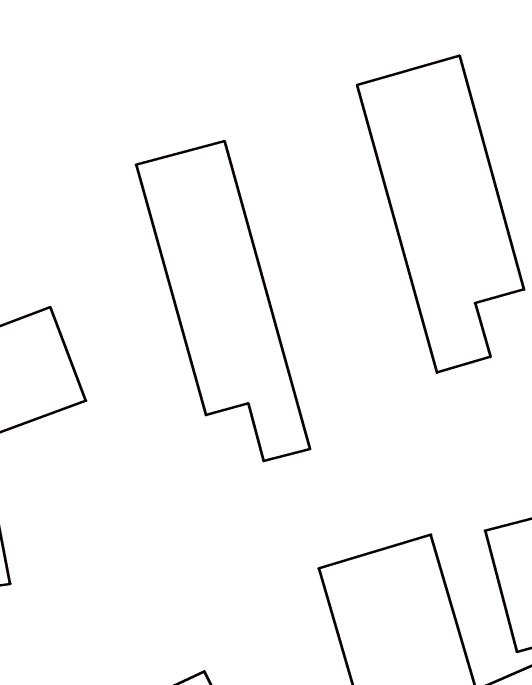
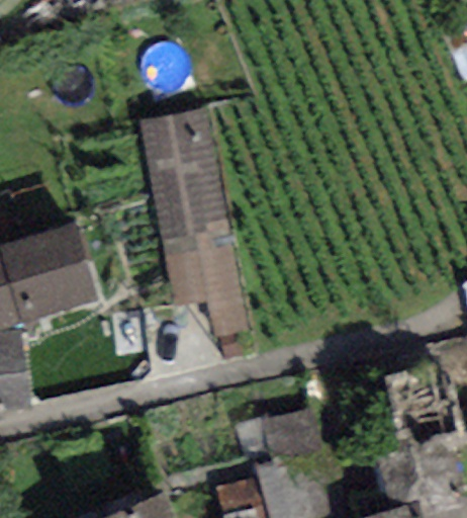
building: [357,56,524,373] -> none

